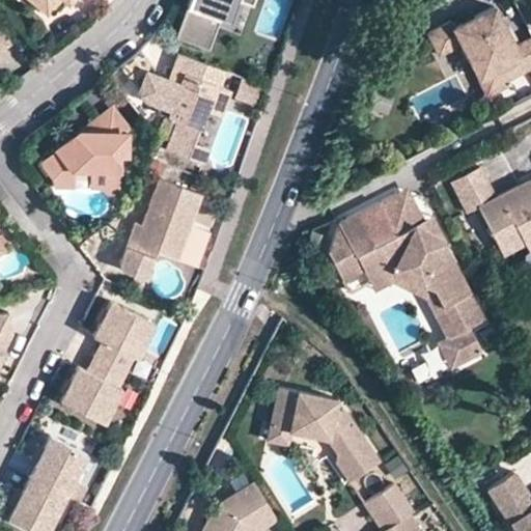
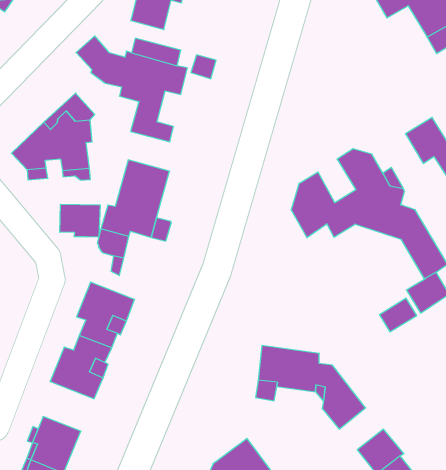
building: none -> [60,204,100,237]
building: [365,269,454,337] -> none

